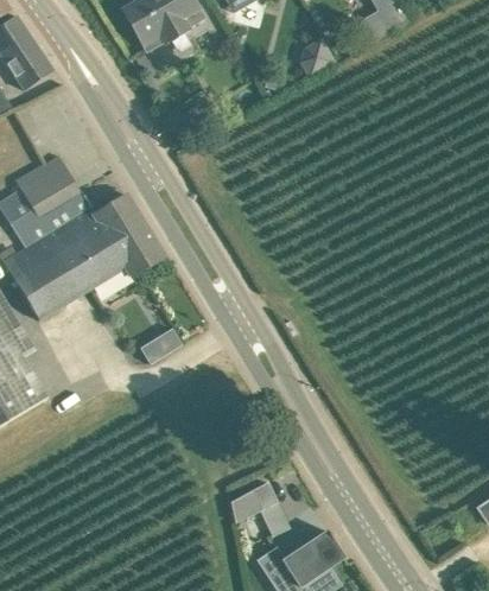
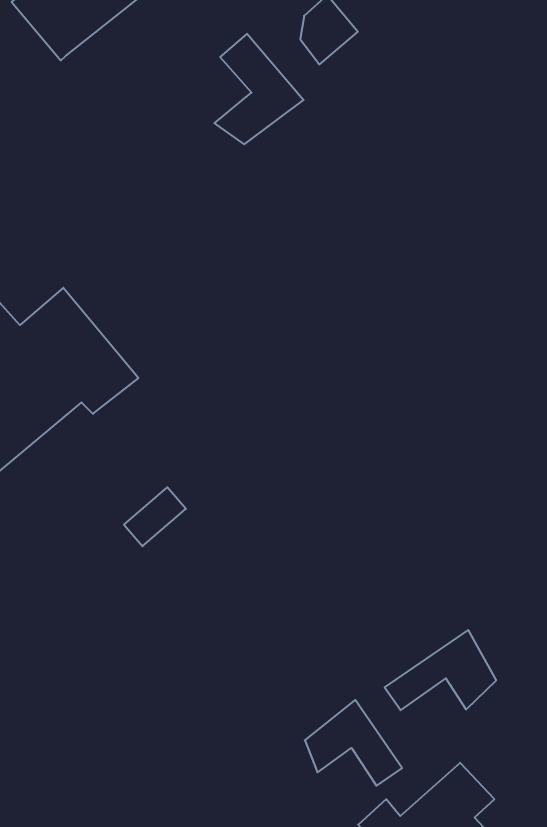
building: none -> [214,34,304,144]
building: none -> [385,630,496,710]

